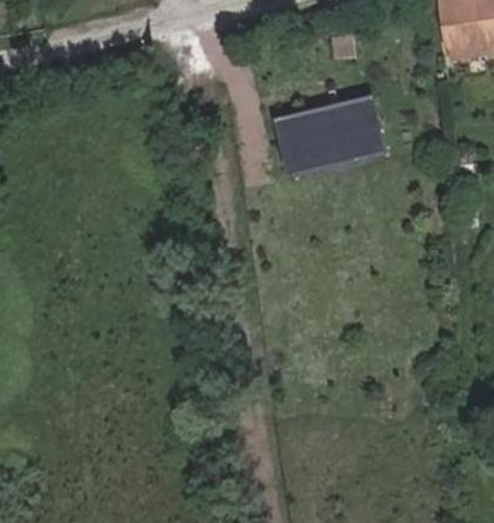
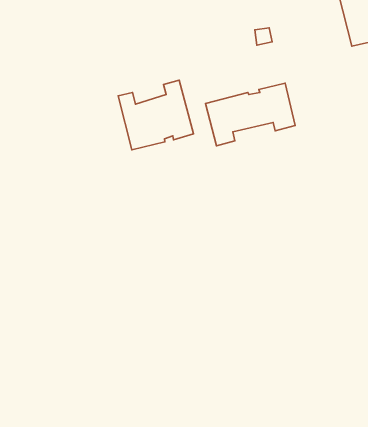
building: none -> [118,80,194,150]

